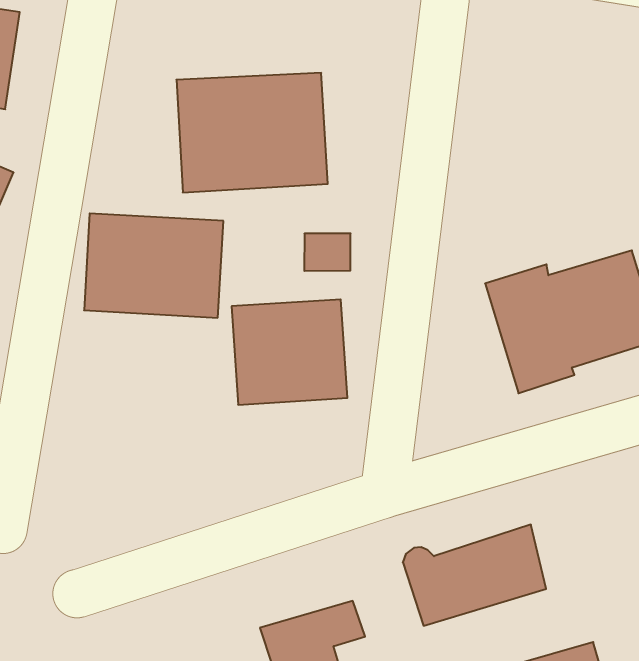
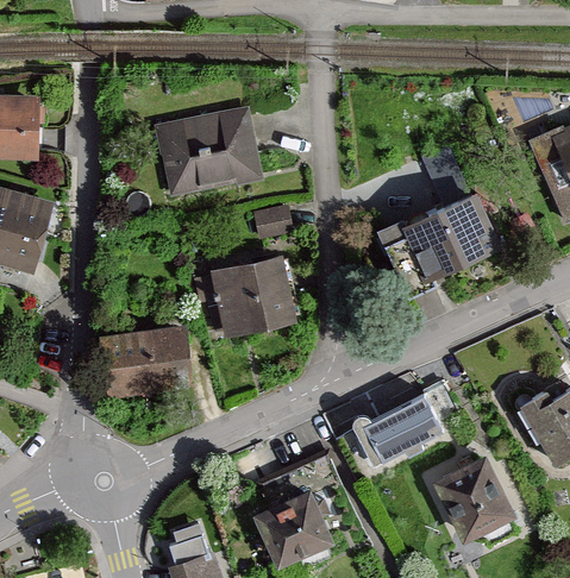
building: [84,213,223,318] -> [98,328,194,402]

